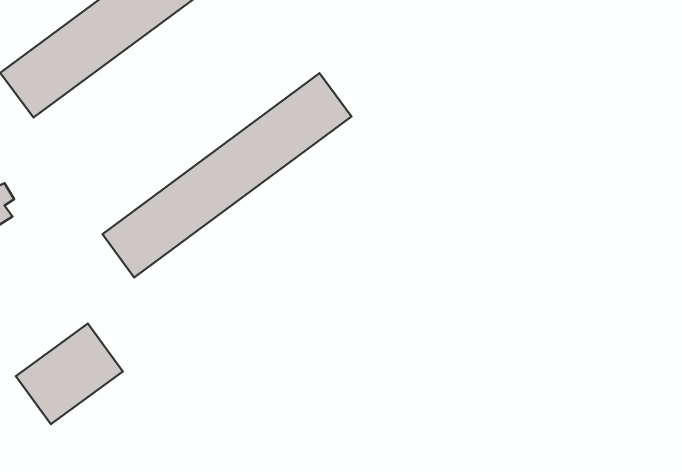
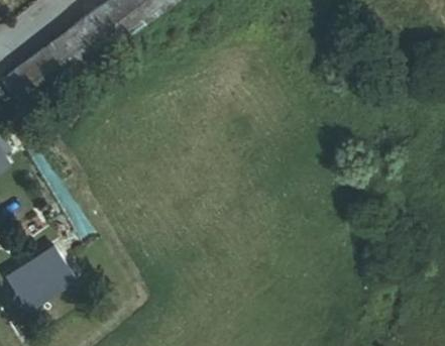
building: [102,73,351,277] -> none

